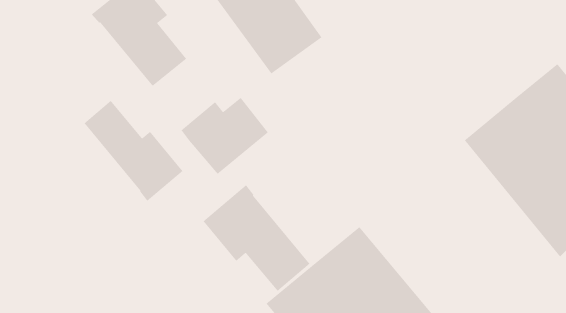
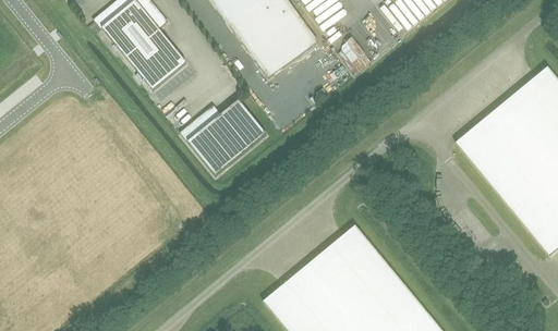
building: [83,100,183,202] -> none
building: [203,184,311,292] -> none

